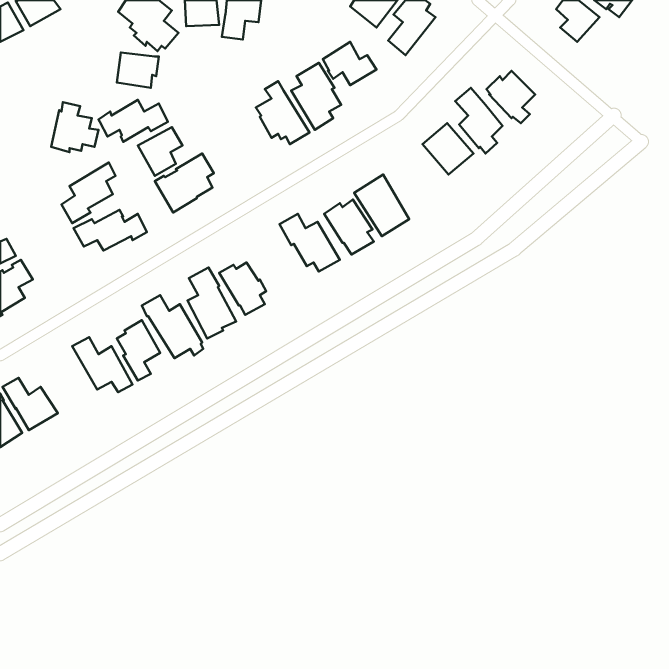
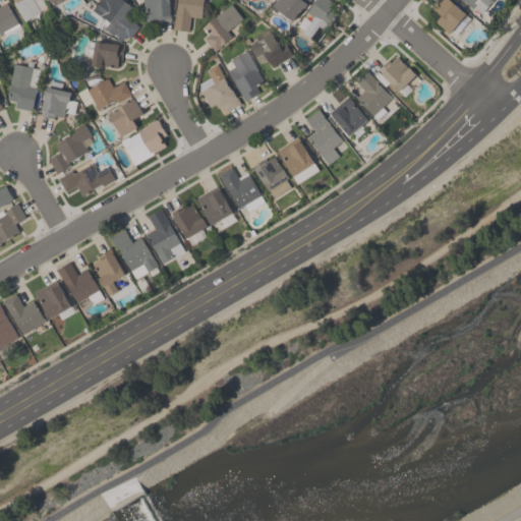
building: none -> [204,5,242,52]
building: none -> [8,64,37,111]
building: none -> [305,109,342,165]
building: none -> [195,185,236,228]
building: none -> [35,280,72,320]

